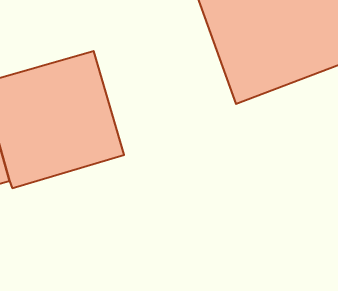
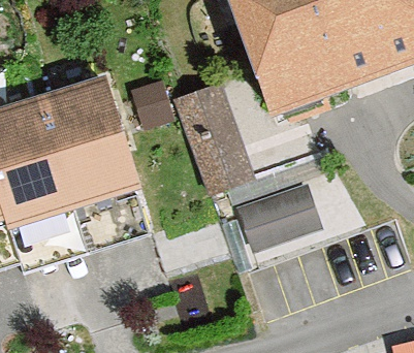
building: none -> [174,82,251,196]
building: none -> [224,179,321,257]

